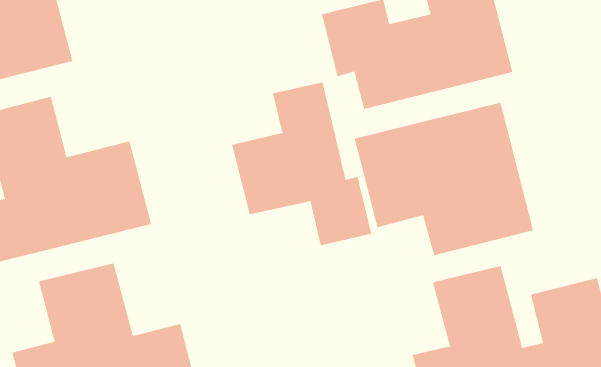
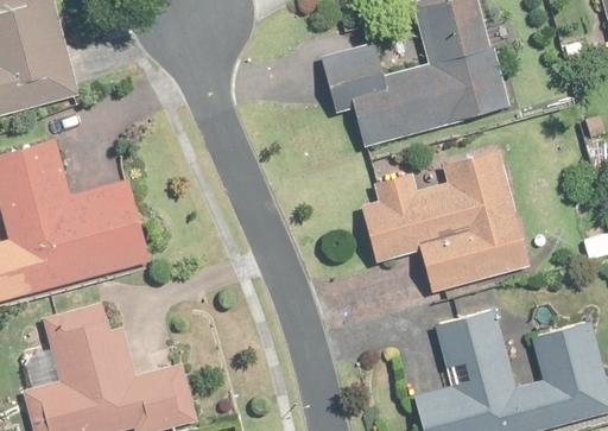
building: [232,81,372,246] -> none

